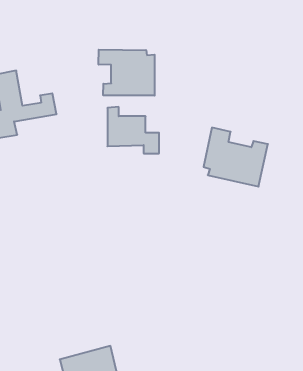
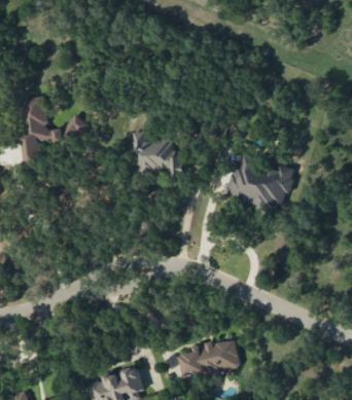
building: [99,50,155,96] -> none
building: none -> [180,338,240,377]

